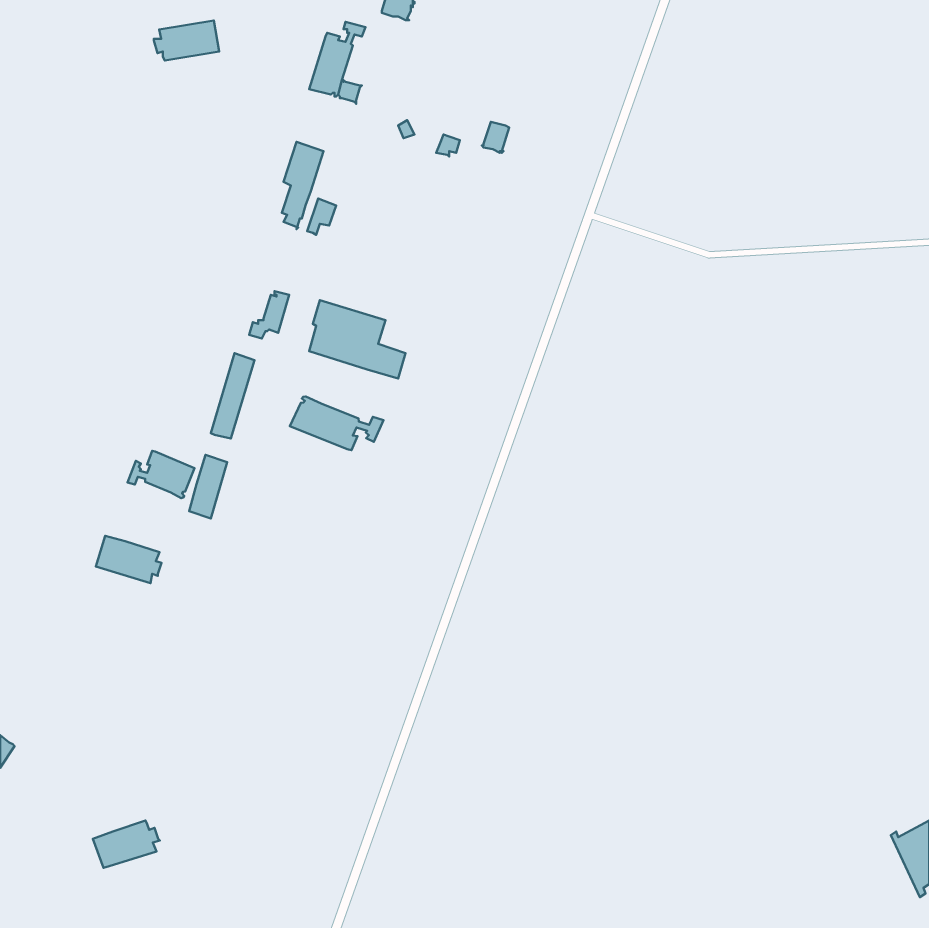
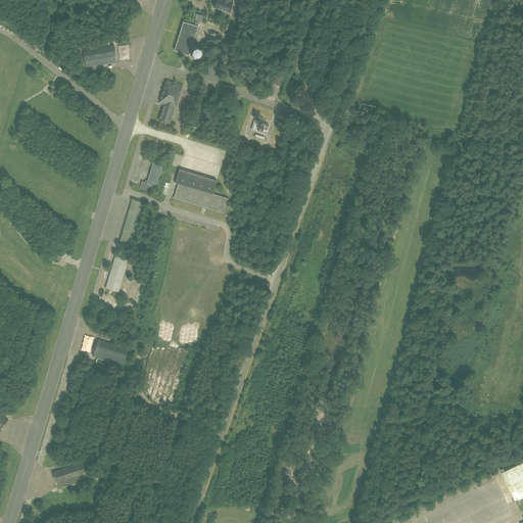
building: [154,21,219,61] -> [80,44,116,66]
building: [290,396,383,450] -> none
building: [128,451,194,498] -> none
building: [96,536,161,583] -> [93,338,130,365]

